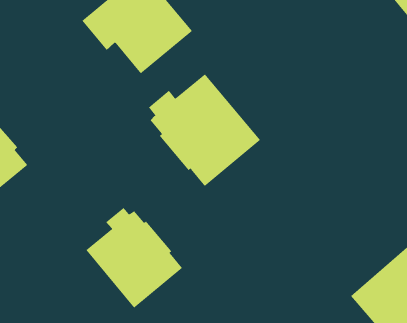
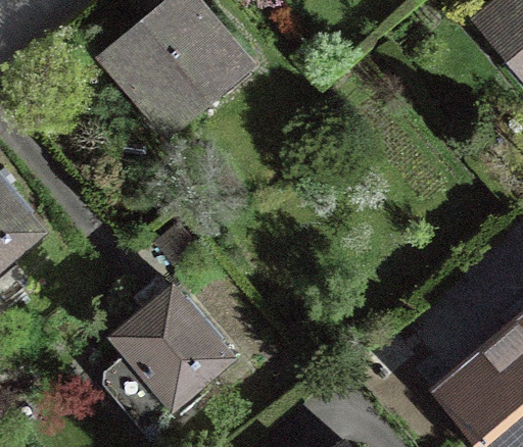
building: [148,73,261,187] -> none

